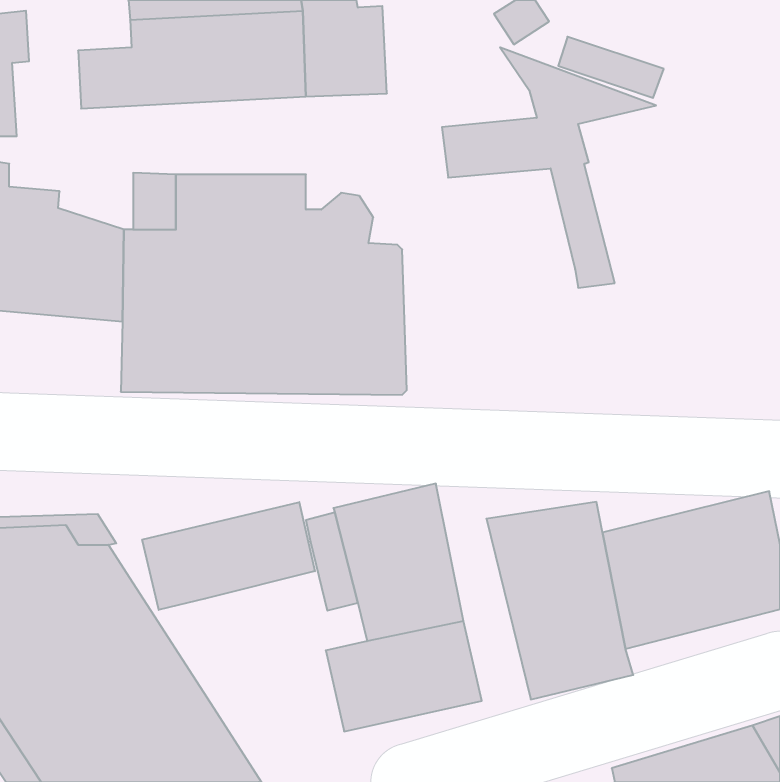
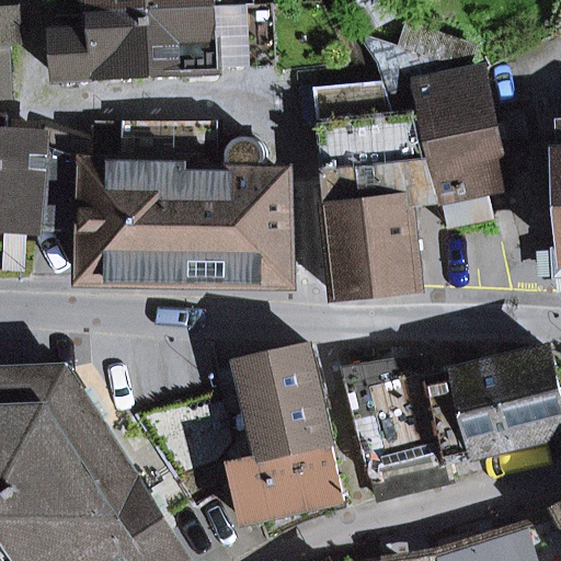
building: none -> [414,72,507,229]
building: none -> [321,121,421,295]
building: [142,502,315,610] -> none

